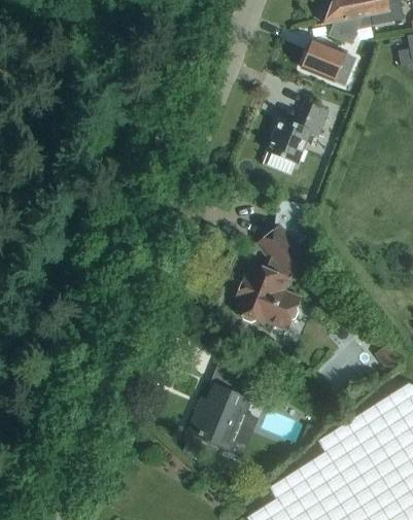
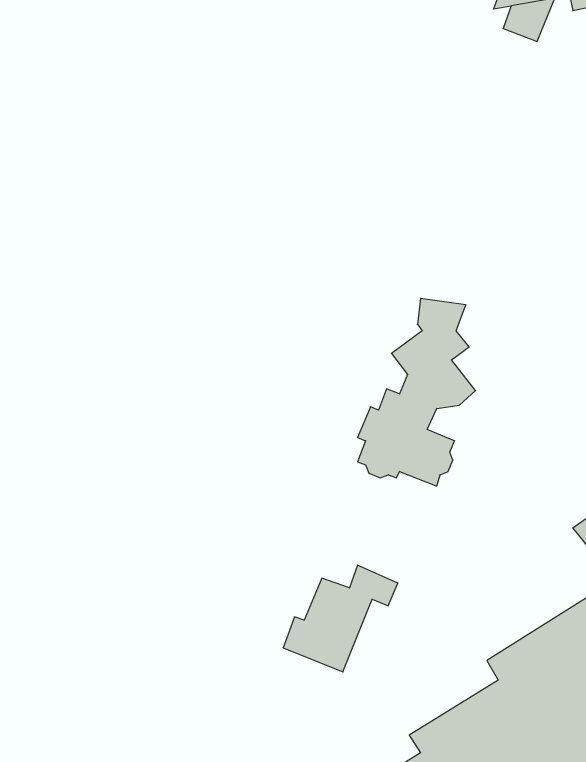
building: [303,43,354,85] -> none
building: [268,103,328,164] -> none

